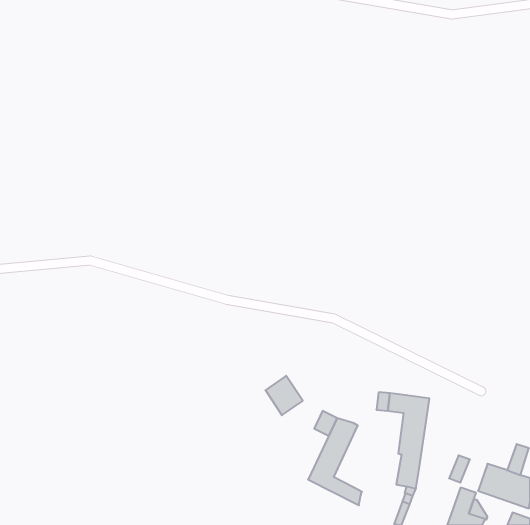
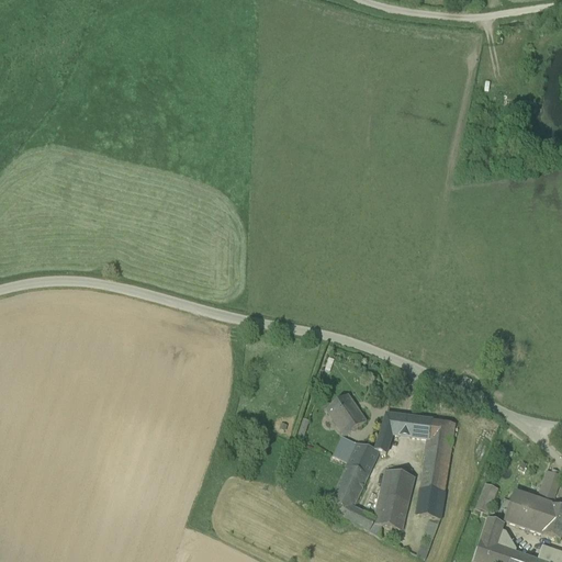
building: [265,376,303,415] -> [326,392,366,434]
building: none -> [374,413,401,451]
building: none -> [374,468,414,529]

